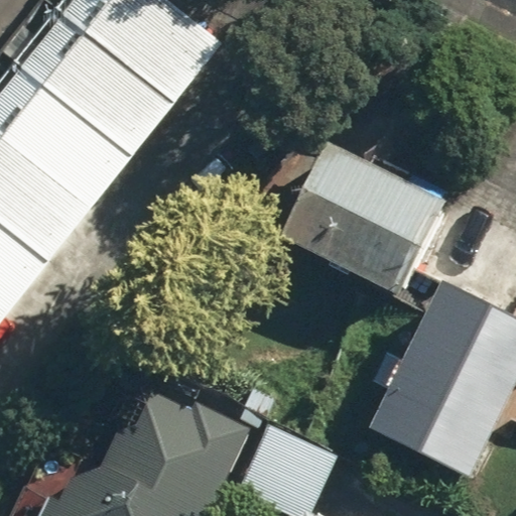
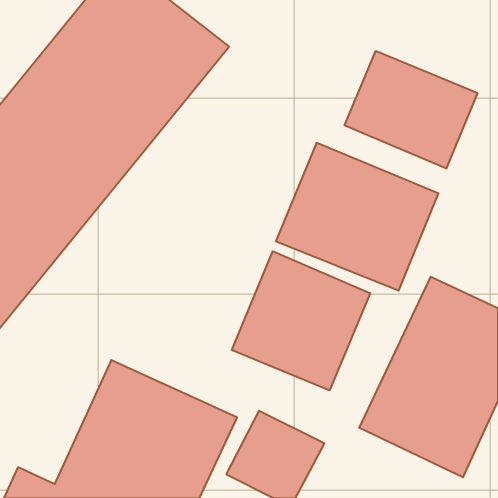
building: none -> [345,51,477,169]
building: none -> [232,251,370,390]

